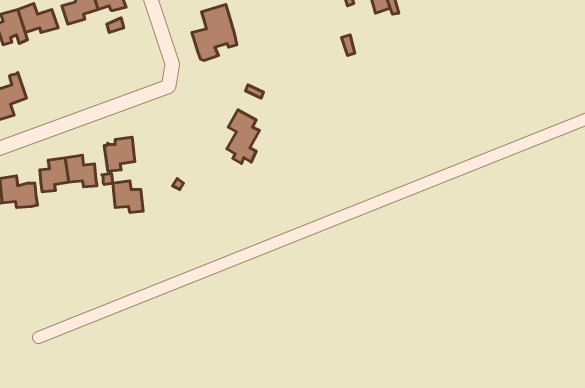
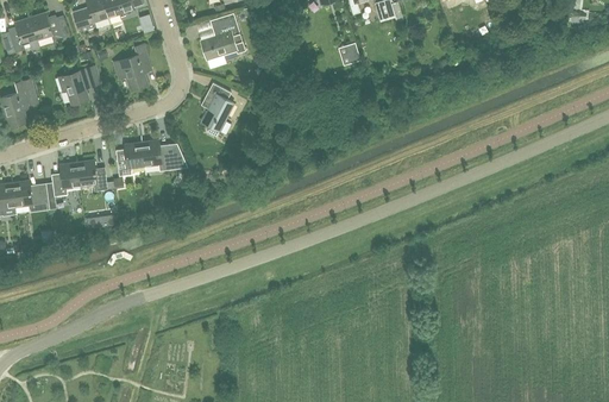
building: none -> [114,44,151,87]
building: none -> [56,67,100,102]
building: [227,110,260,163] -> [202,83,234,136]
building: [113,181,143,212] -> [143,139,172,170]

